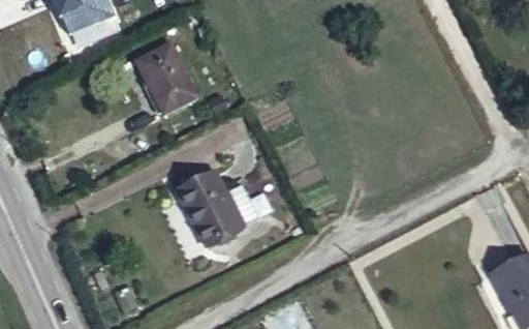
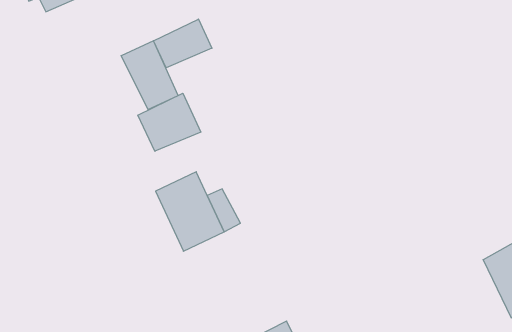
building: none -> [153,19,212,68]
building: none -> [138,93,201,151]

